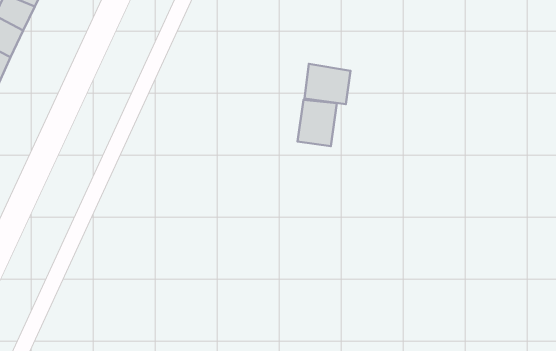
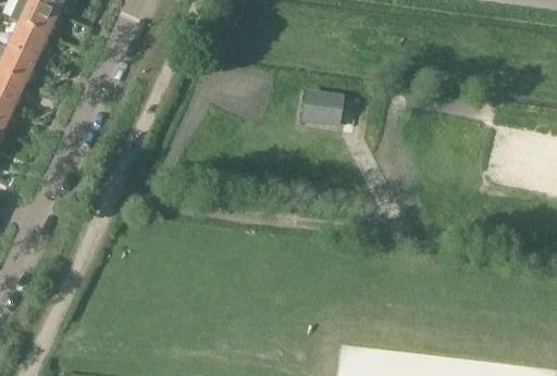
building: [298,100,337,146] -> none

